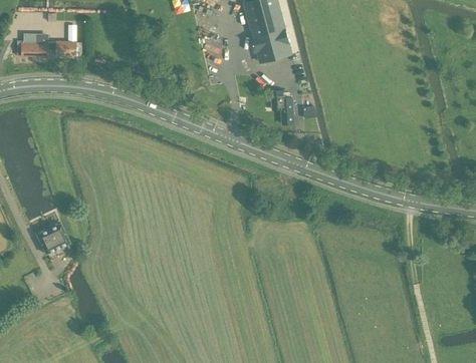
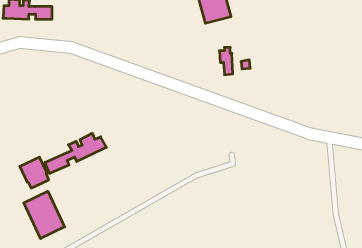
building: none -> [45,133,106,174]
building: none -> [24,191,65,239]

